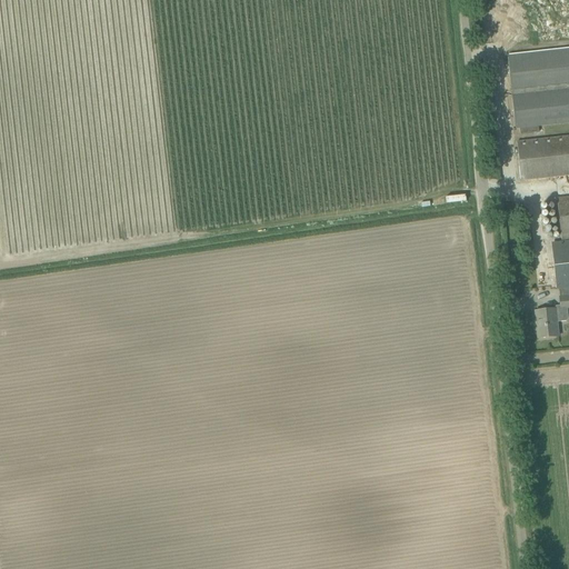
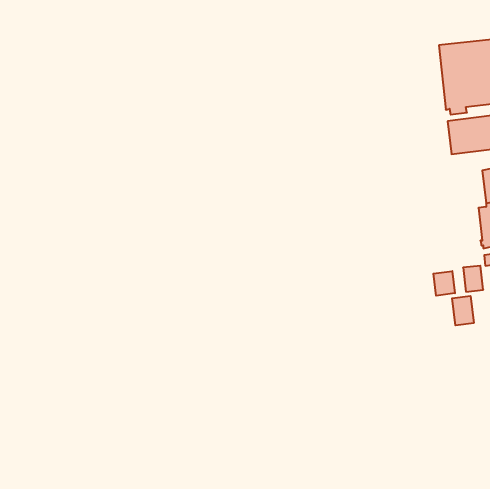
building: none -> [433,271,455,296]
building: none -> [452,296,474,325]

